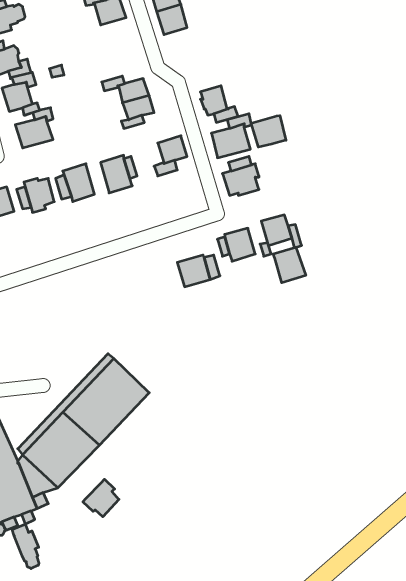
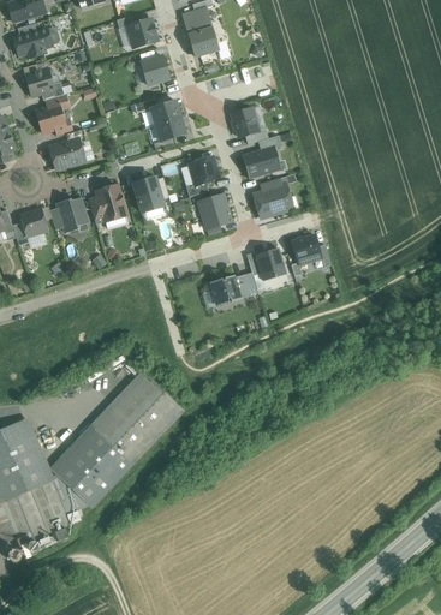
building: none -> [142,54,169,84]
building: [251,116,286,147] -> none
building: none -> [198,193,232,228]
building: [273,247,306,283] -> none
building: [83,479,119,517] -> none
building: [12,524,39,569] -> none

